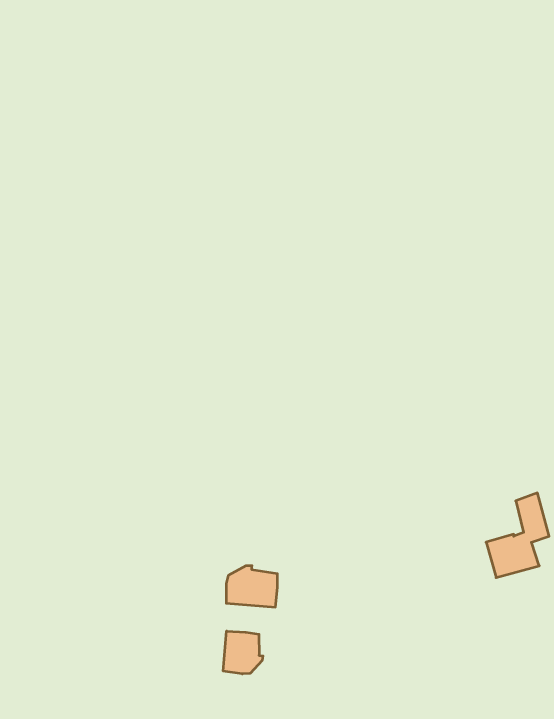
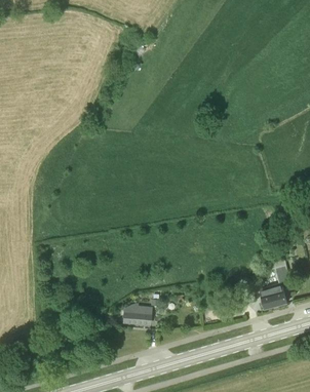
building: [223,631,263,674] -> none

